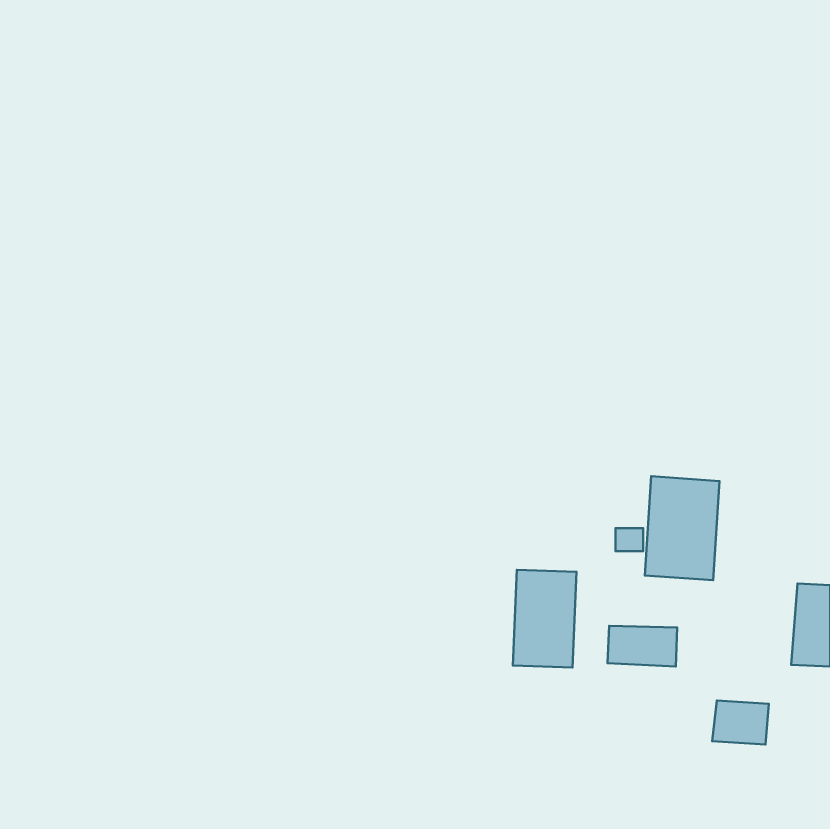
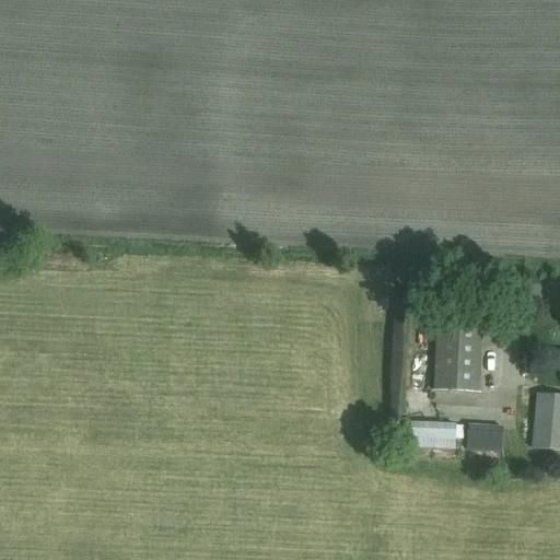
building: [513,570,577,668] -> none
building: [712,701,769,744] -> [466,422,504,452]

